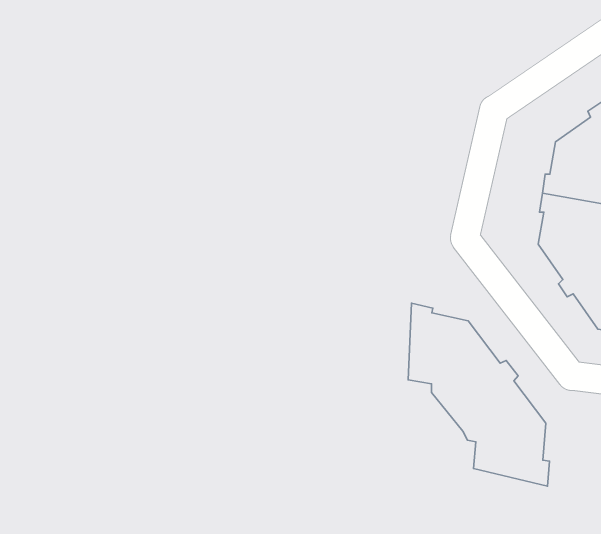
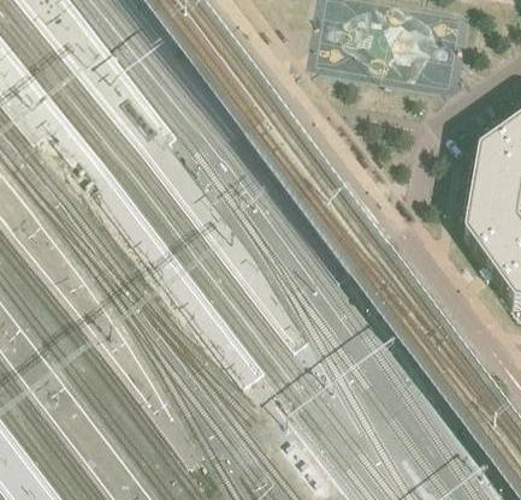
building: [408,303,550,486] -> none

